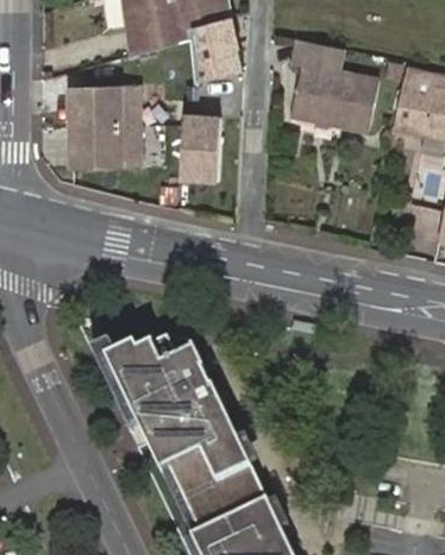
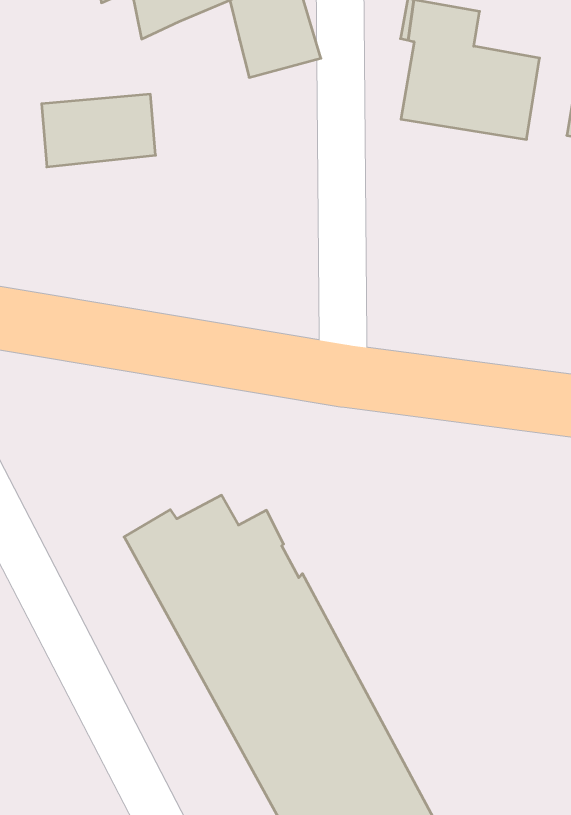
building: [182,116,221,181] -> none
building: [70,126,140,168] -> none

